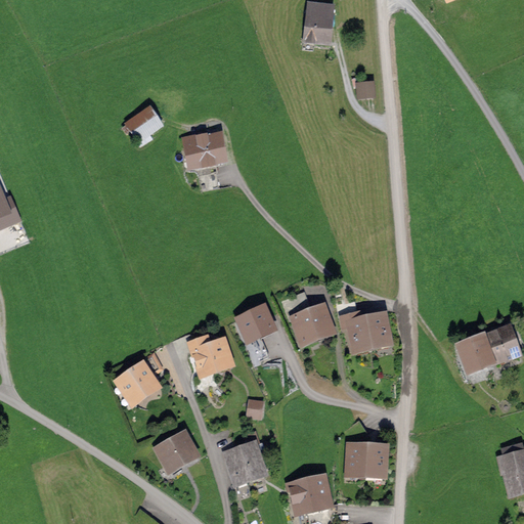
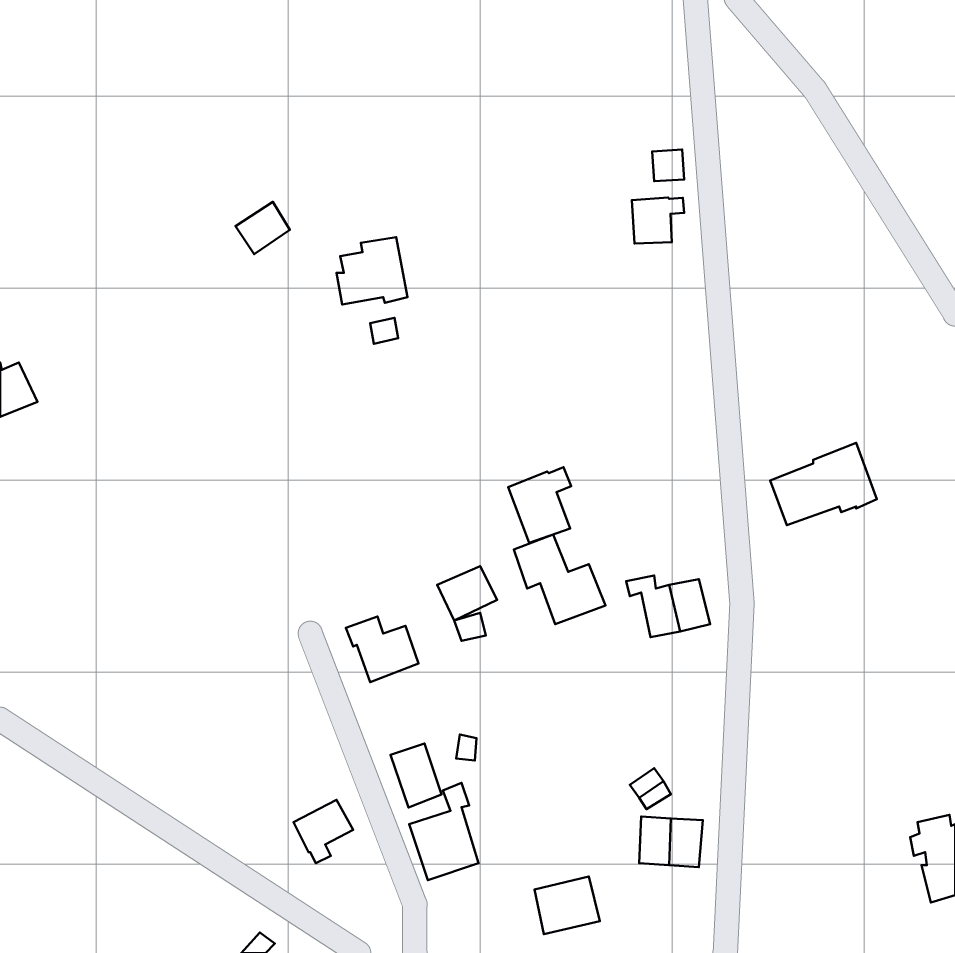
building: [304,5,331,42] -> none
building: none -> [632,197,684,244]
building: none -> [508,467,571,543]
building: [460,326,518,372] -> [770,443,877,525]
building: [120,356,160,402] -> none
building: none -> [390,744,442,808]

